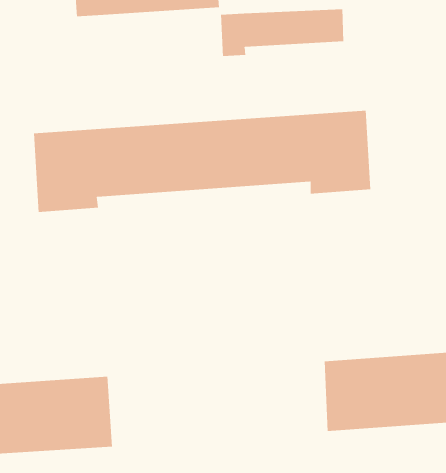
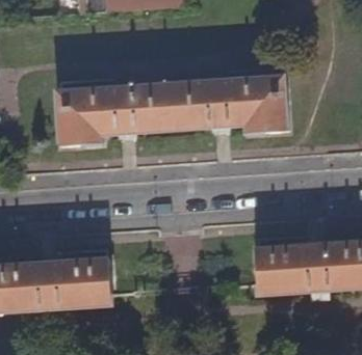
building: [220,8,344,57] -> none

